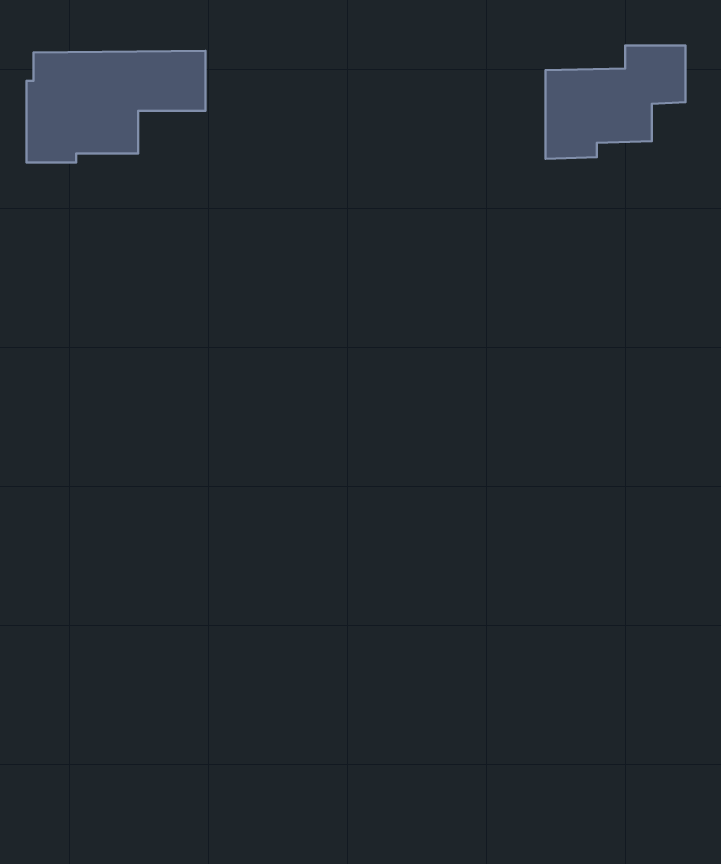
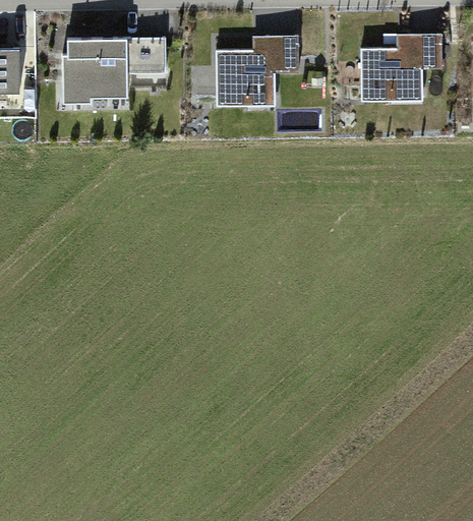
building: none -> [216,36,299,105]

